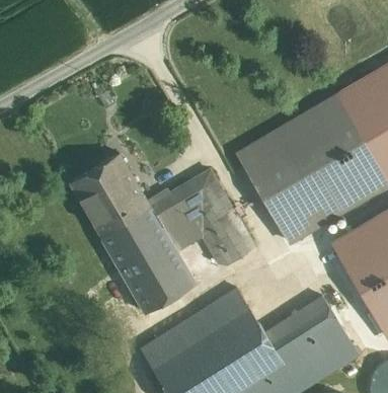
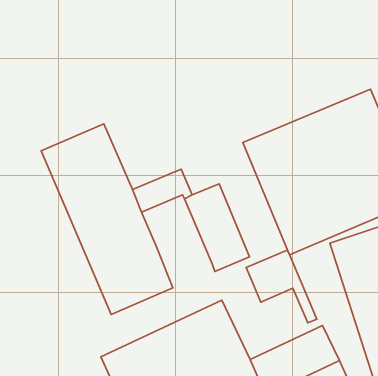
building: [188,171,222,204] -> none
building: [160,205,225,263] -> [246,250,317,323]

